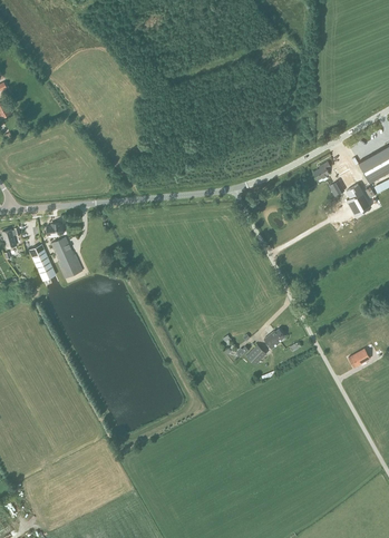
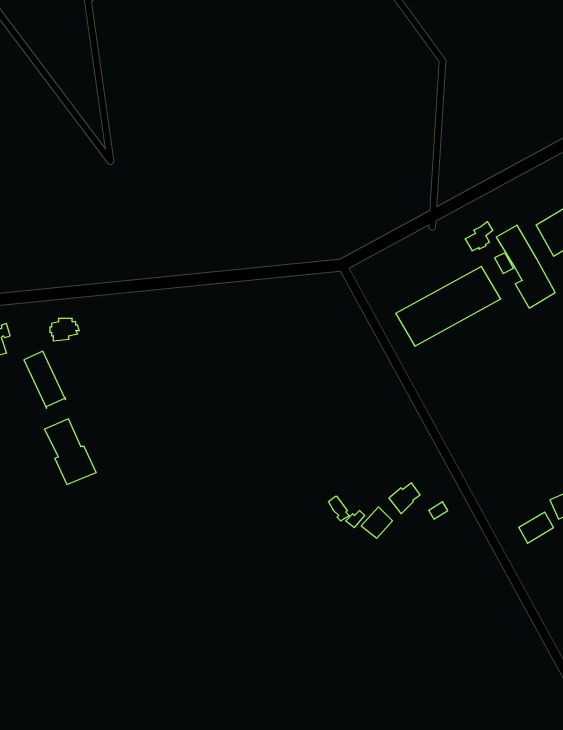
building: none -> [396,266,501,346]
building: [50,236,84,278] -> [44,419,96,485]

